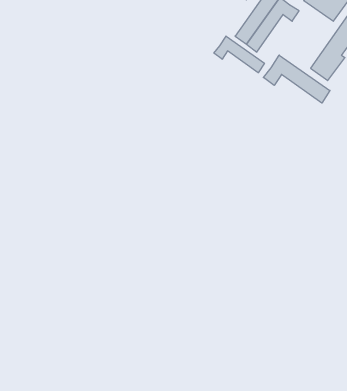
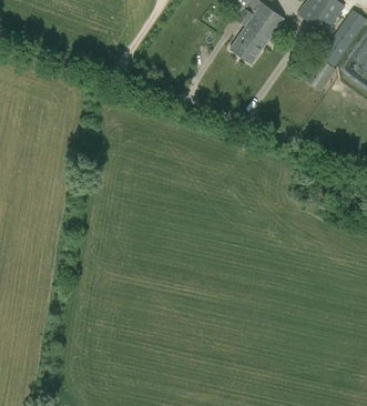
building: [214,36,264,73] -> none
building: [263,55,330,103] -> none

